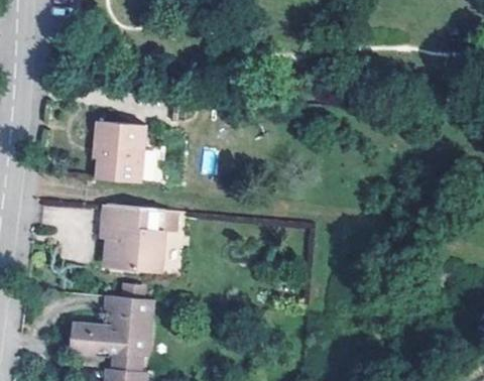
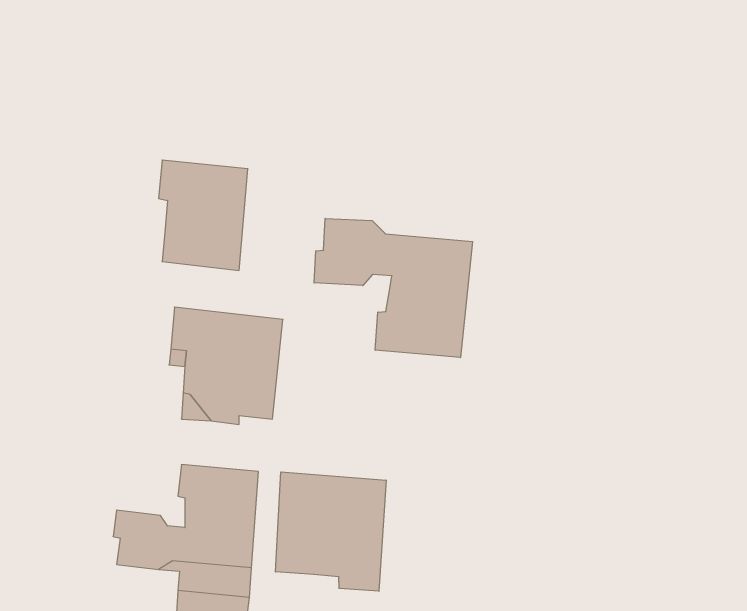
building: none -> [314,218,473,358]
building: none -> [275,472,386,591]

